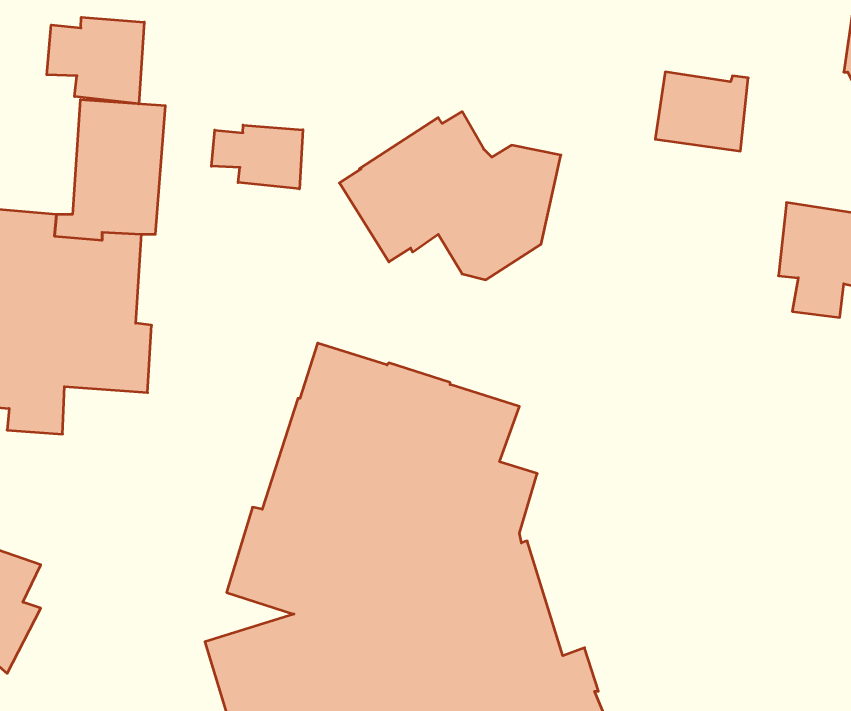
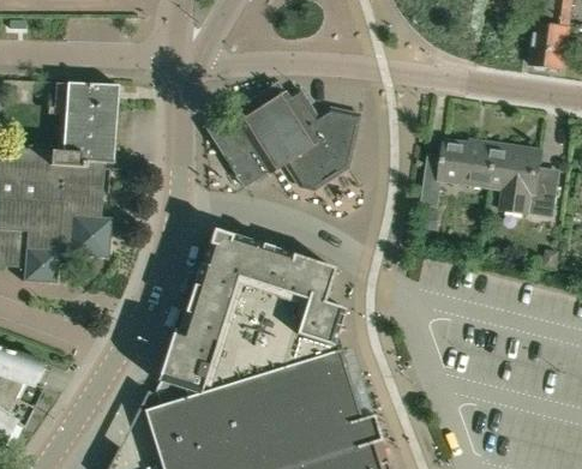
building: [47,17,144,104] -> none
building: [655,72,748,151] -> [439,140,496,188]
building: [211,125,303,189] -> none

